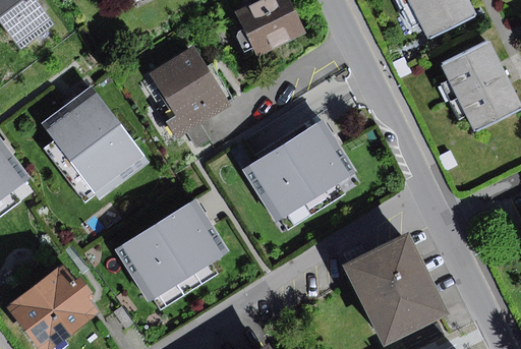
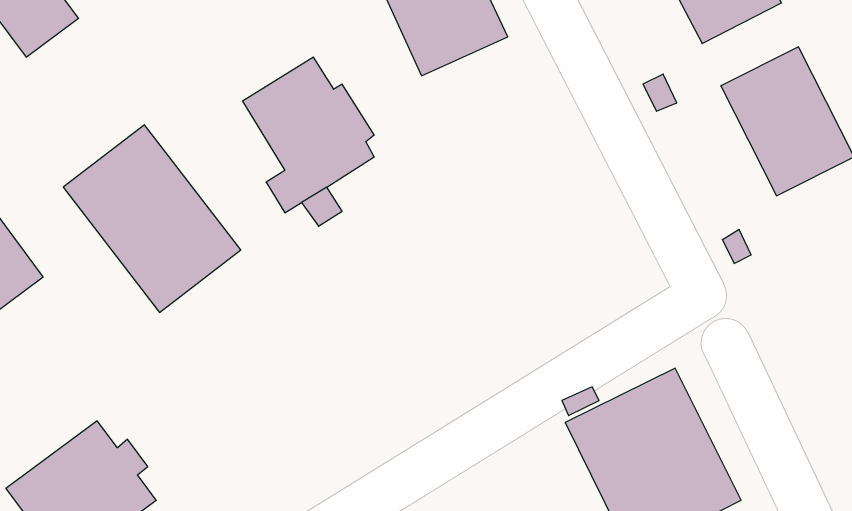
building: [241,119,355,222] -> none
building: [113,199,229,302] -> none

